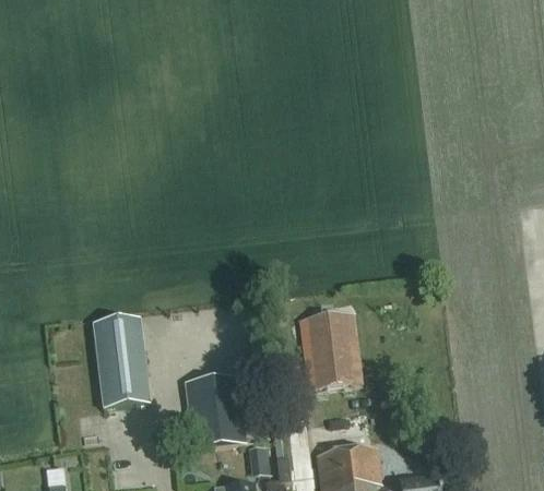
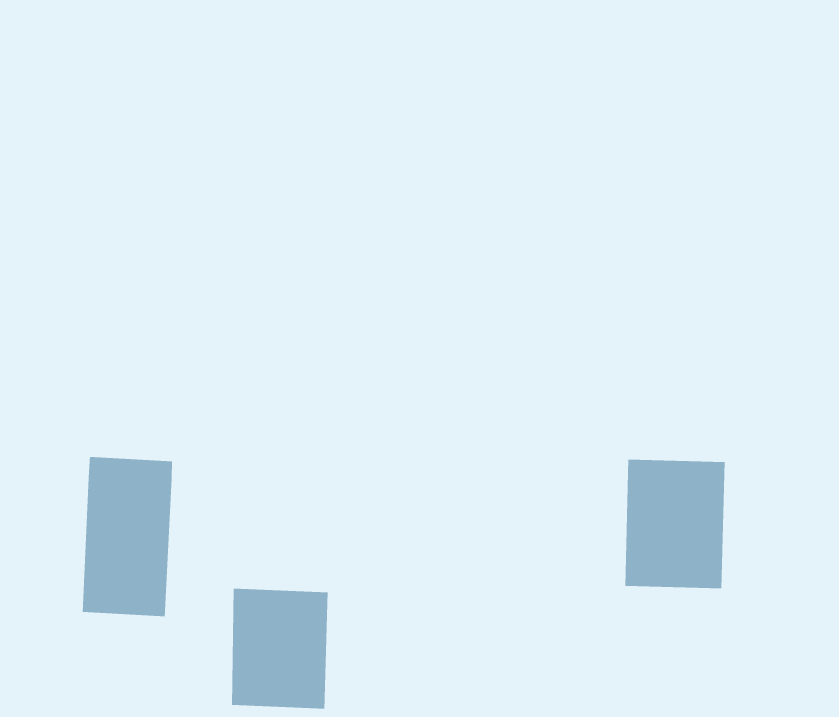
building: [299,311,363,388] -> [624,459,725,589]

